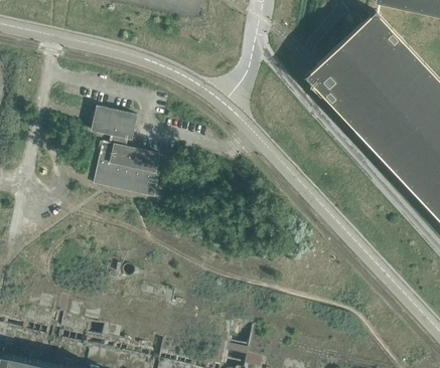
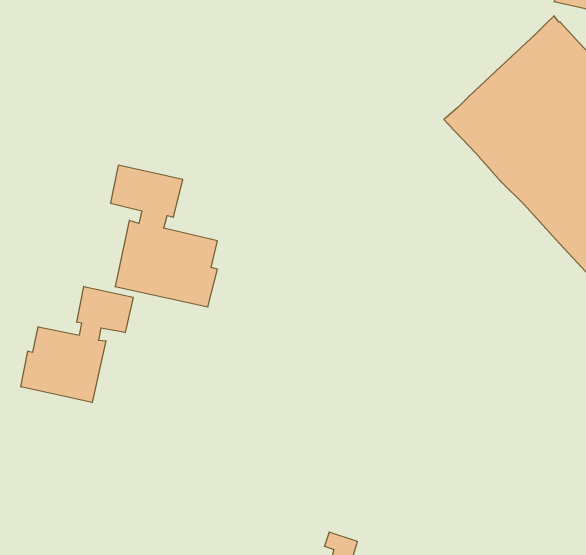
building: none -> [21,286,133,403]

